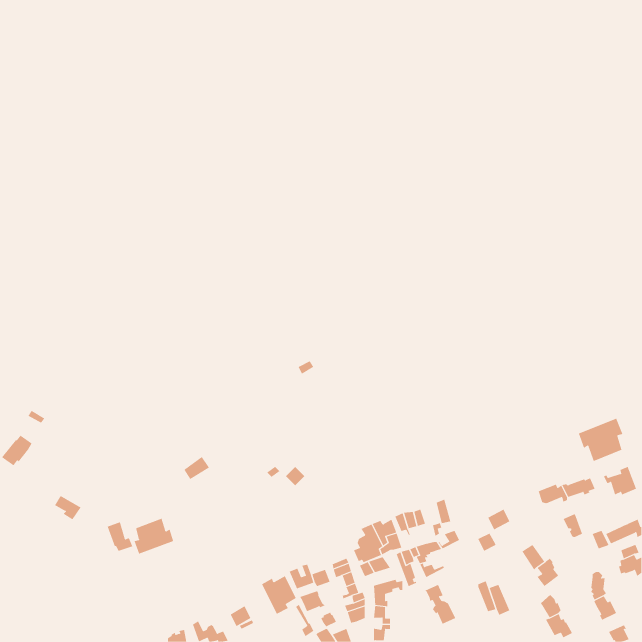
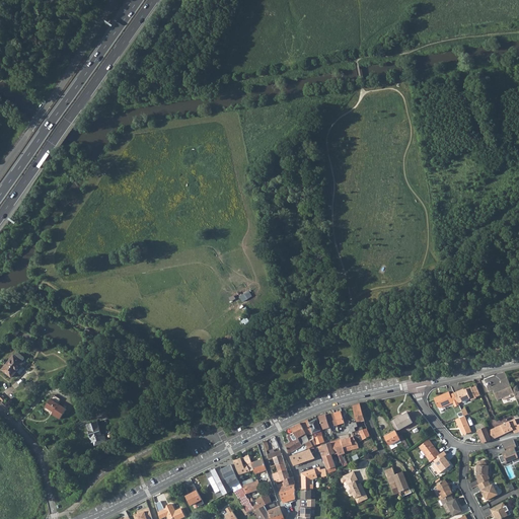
building: [578,418,623,462] -> none
building: [134,518,174,554] -> none

